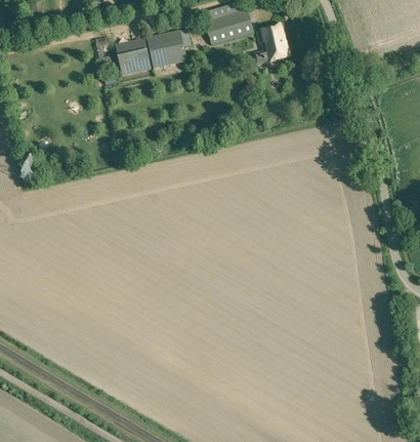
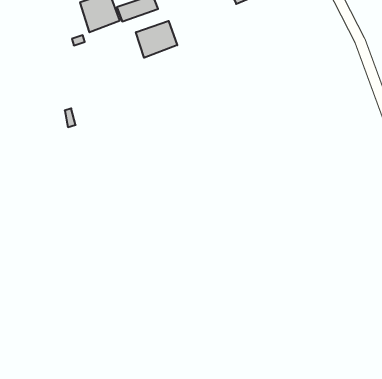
building: none -> [136,21,177,58]

